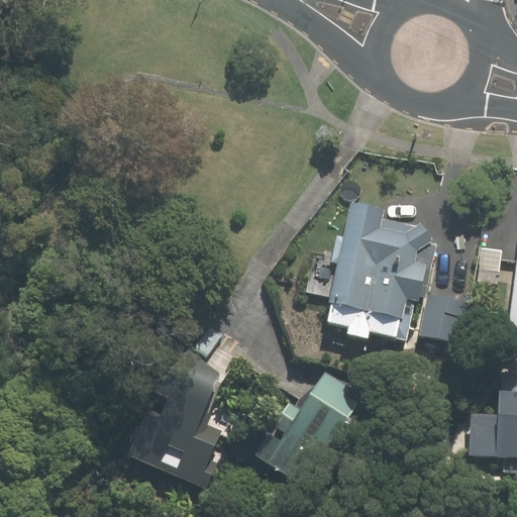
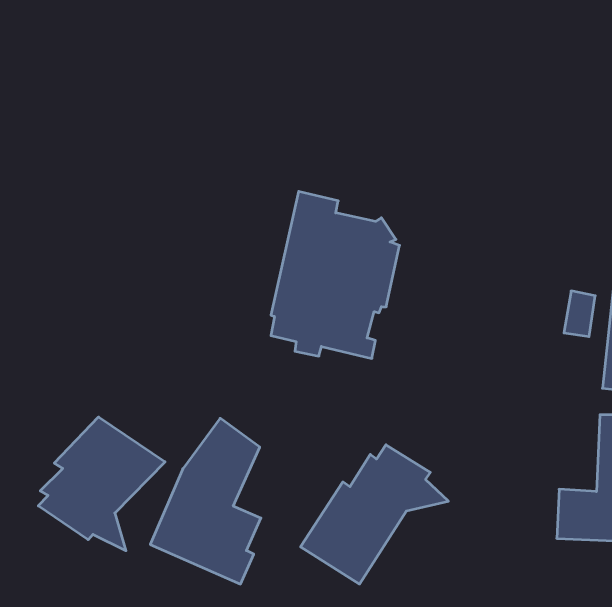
building: [328,198,436,338] -> [271,191,400,358]
building: none -> [38,417,165,551]

